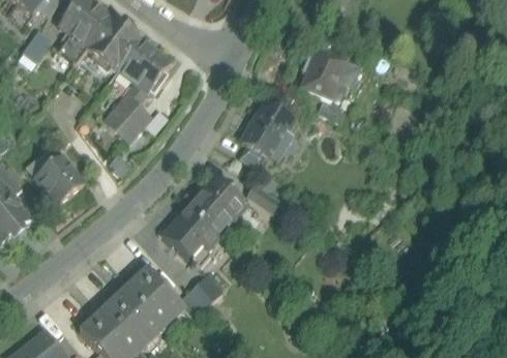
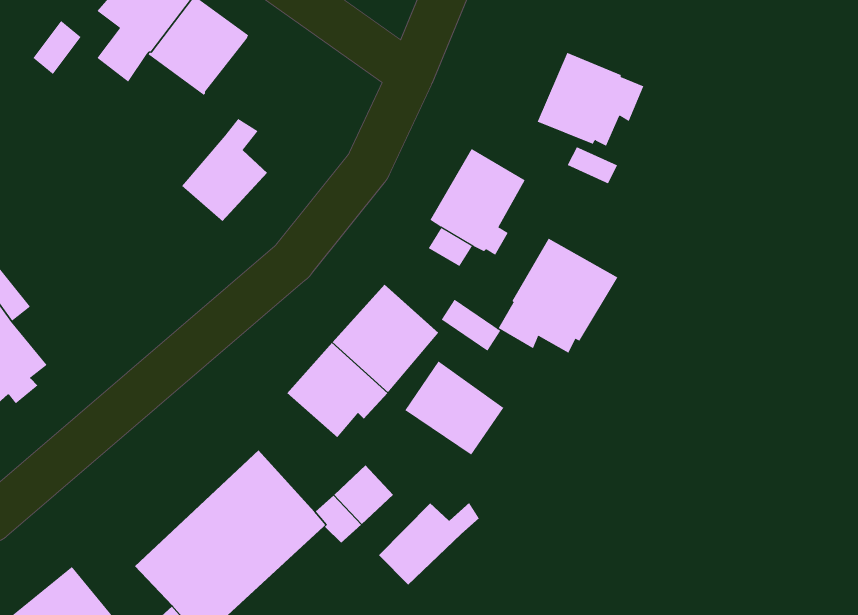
building: [119,40,172,93] -> none
building: none -> [498,238,618,353]
building: [35,154,86,205] -> none
building: none -> [405,360,504,456]
building: none -> [378,502,480,586]

